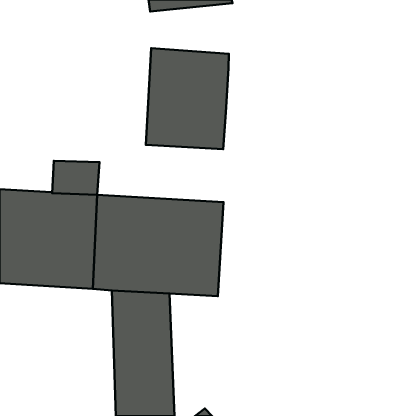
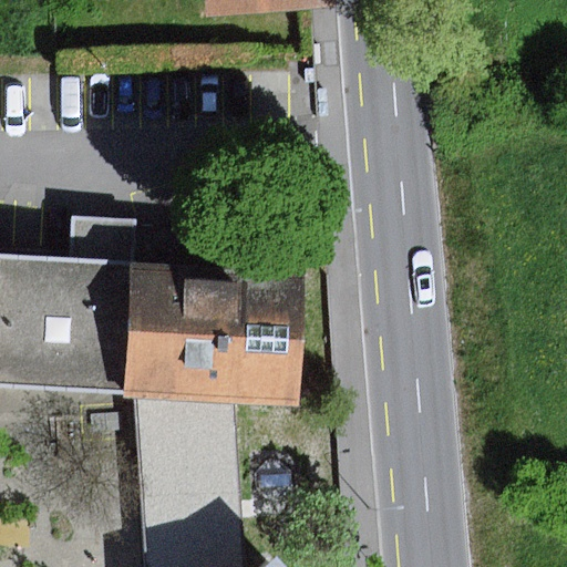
building: [146,48,229,149] -> none

